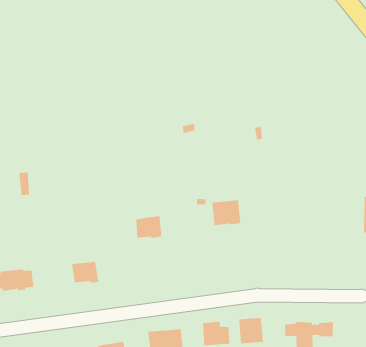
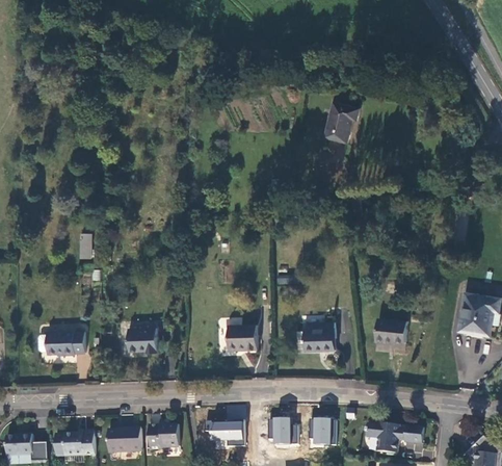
building: none -> [321,102,353,141]
building: [211,200,241,225] -> [306,329,337,356]
building: [135,216,162,239] -> [230,329,259,354]
building: none -> [374,320,406,344]

